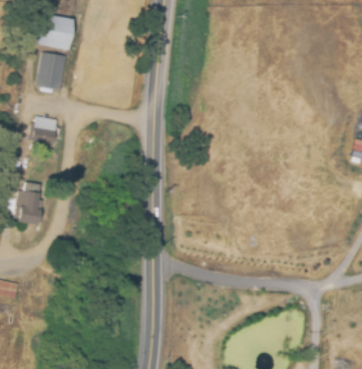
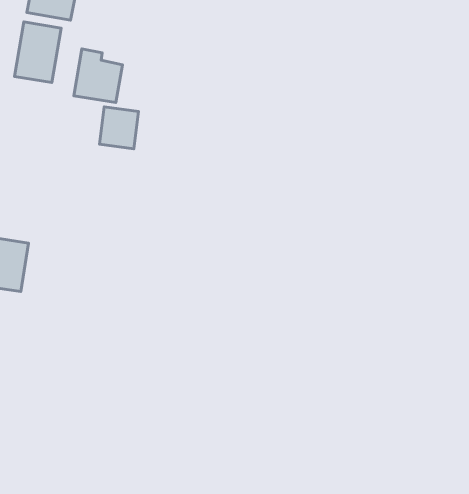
building: none -> [74,49,123,103]
building: [32,115,57,142] -> [100,107,138,149]

